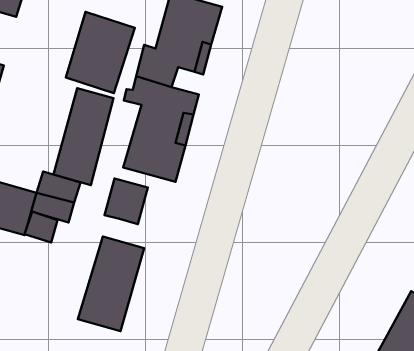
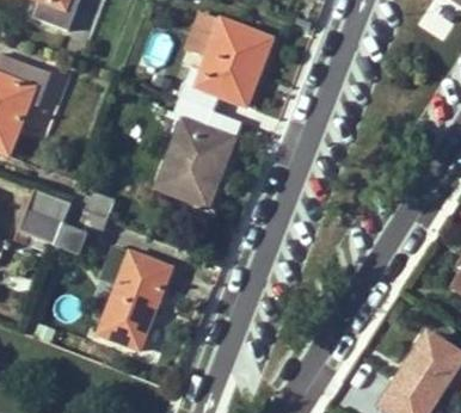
building: [66,12,135,93] -> none
building: [53,88,114,185] -> none
building: [105,178,148,224] -> none

